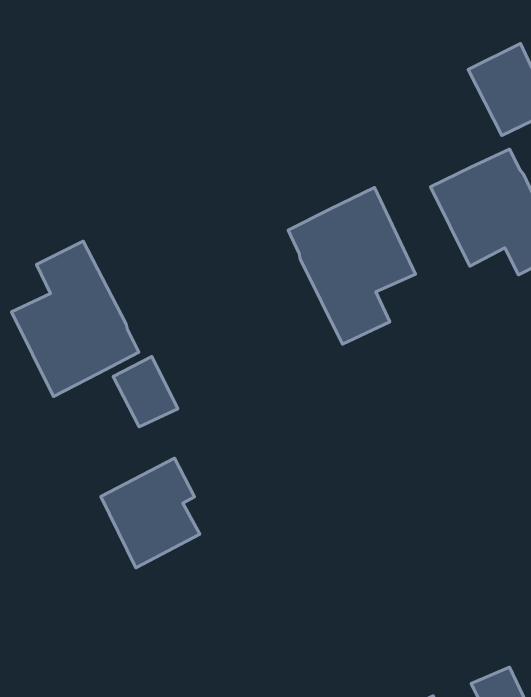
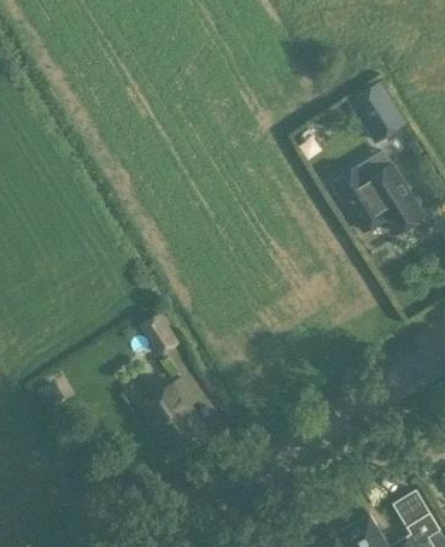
building: [288,187,416,344] -> none
building: [11,241,139,396] -> none

